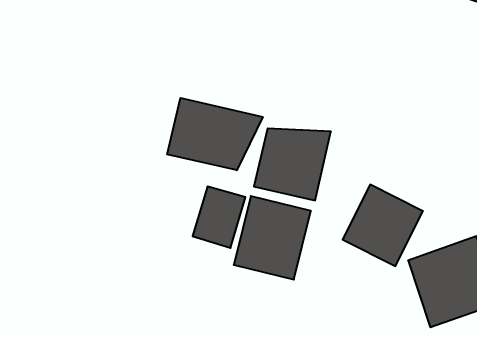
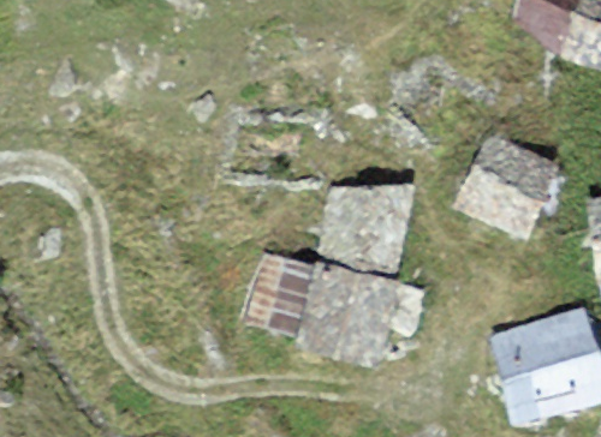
building: [167,98,263,170] -> none
building: [343,185,423,266] -> [463,139,554,232]

